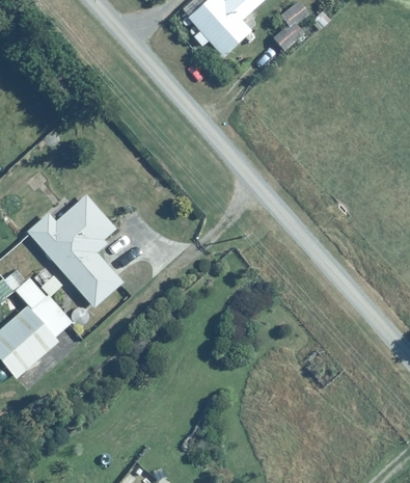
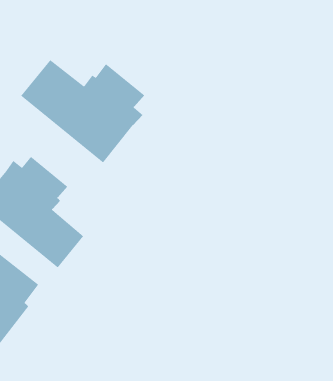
building: none -> [20,59,145,164]

